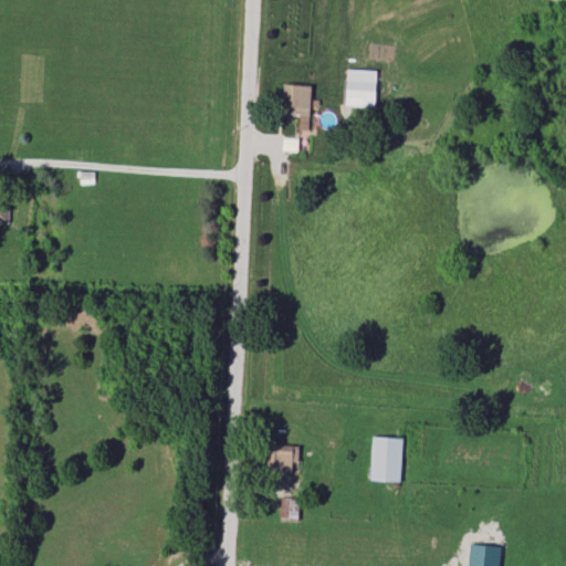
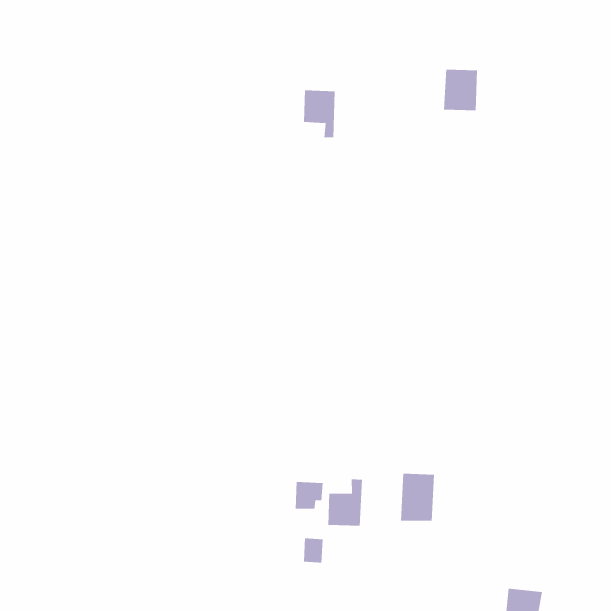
building: [345,70,377,108] -> [443,69,478,111]
building: none -> [328,478,362,527]

